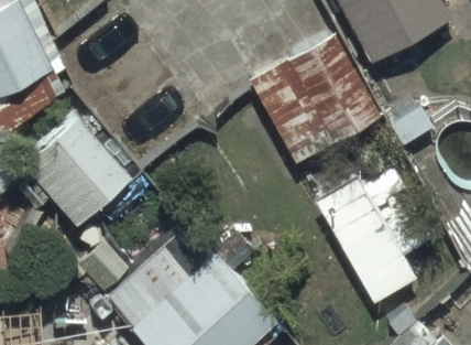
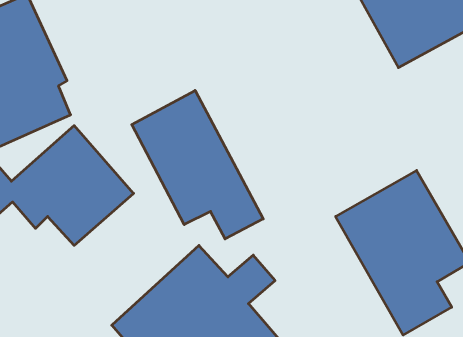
building: [250,34,383,166] -> none
building: none -> [132,90,263,239]

